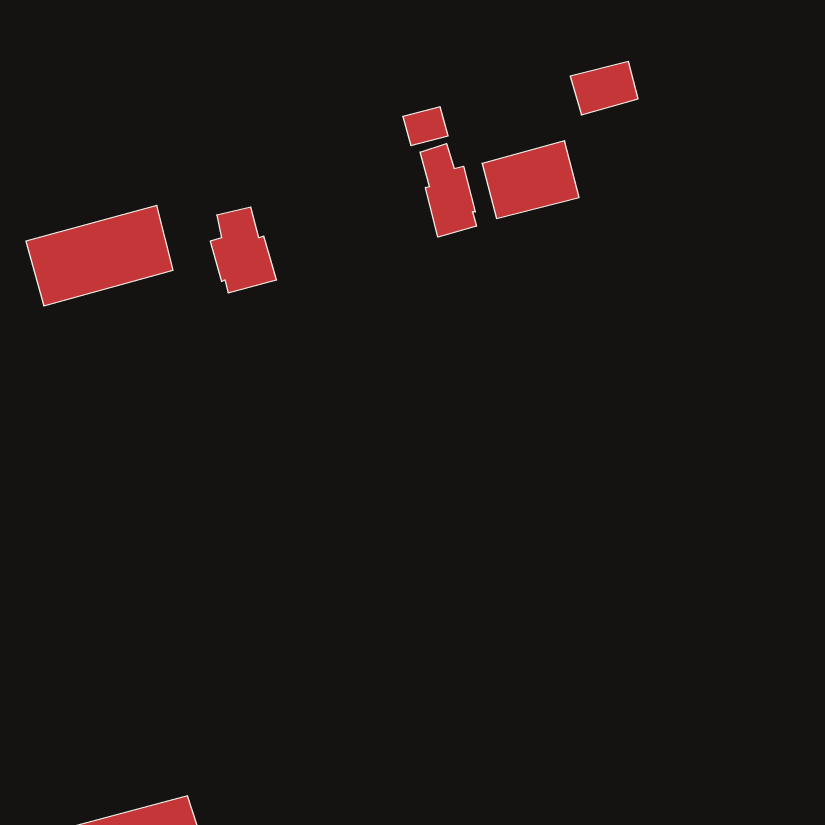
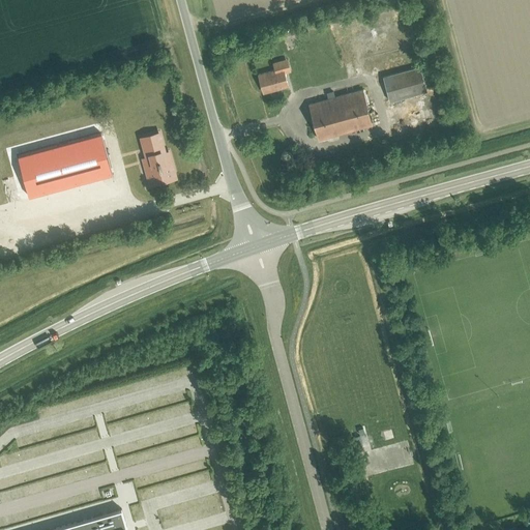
building: [570,62,638,115] -> [382,69,425,104]
building: [420,144,476,237] -> none

